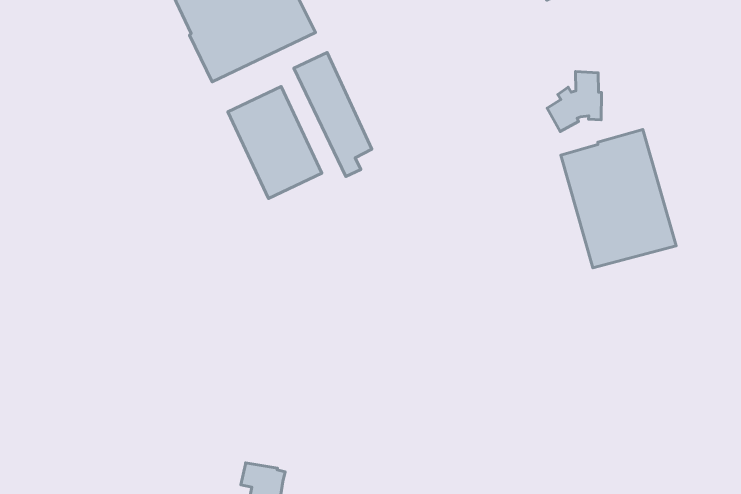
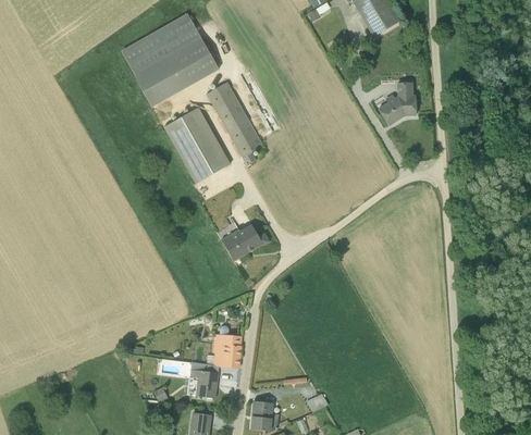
building: [561,130,676,268] -> none
building: none -> [221,224,269,260]
building: none -> [207,334,242,368]

